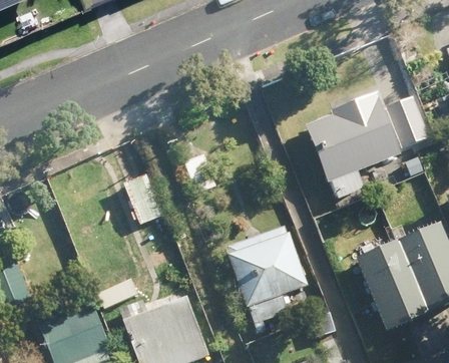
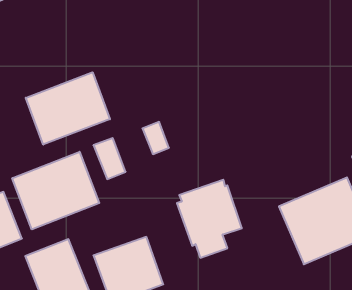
building: [304,90,417,198] -> none
building: none -> [26,72,110,145]
building: none -> [12,152,99,229]

